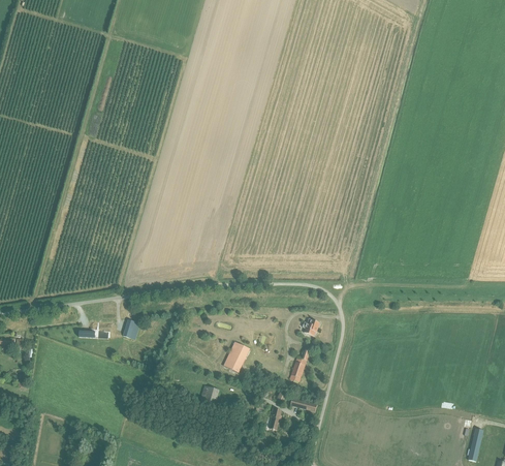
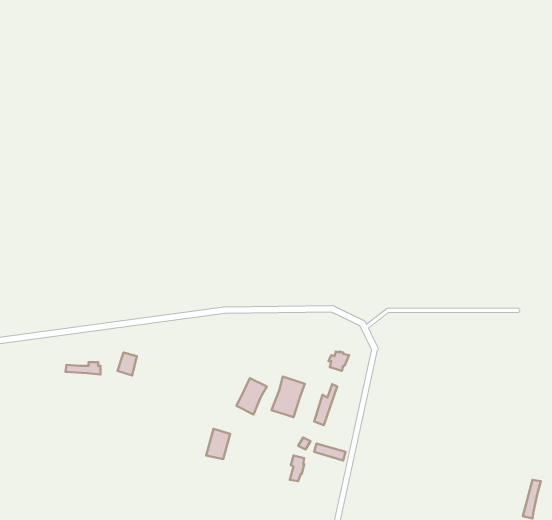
building: none -> [271,377,305,417]

